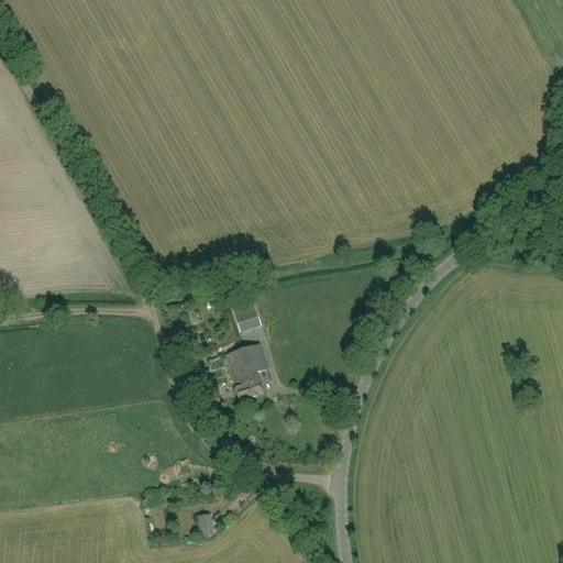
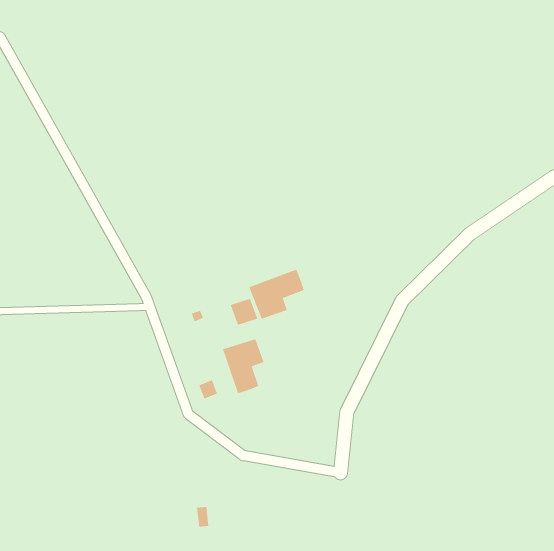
building: none -> [249,269,304,320]

